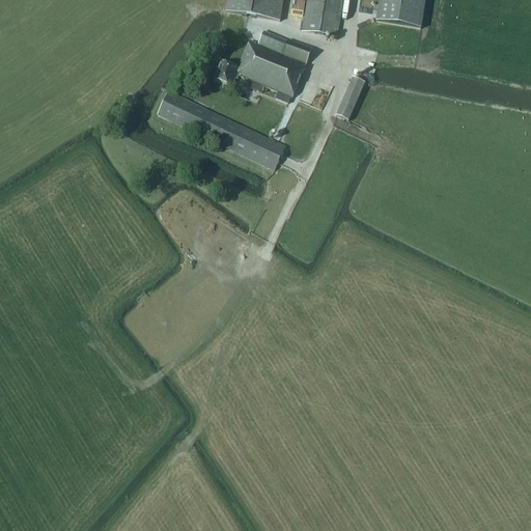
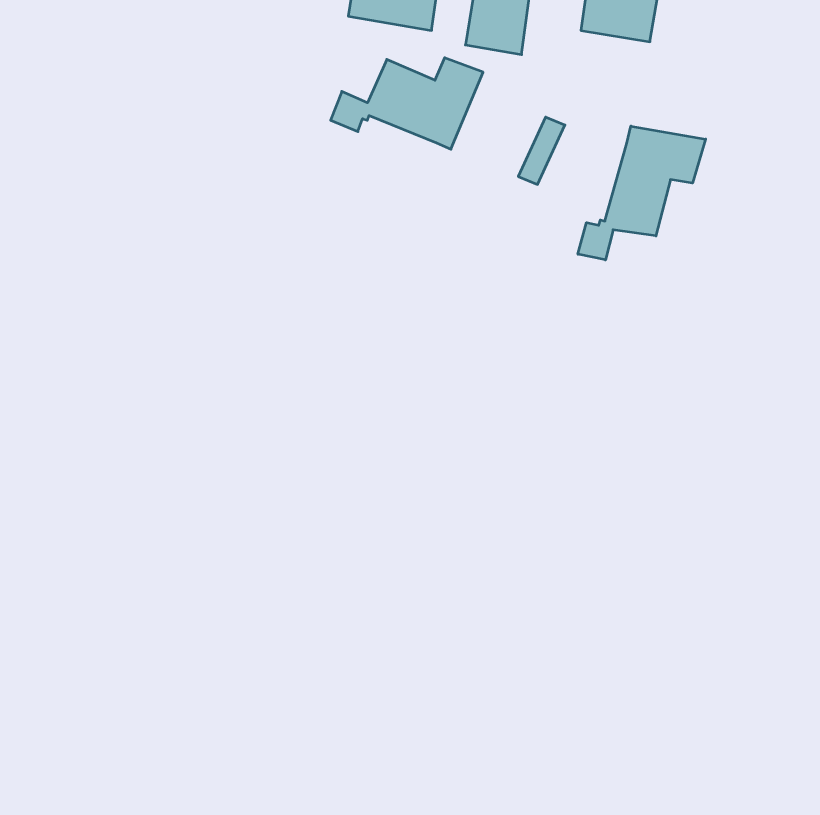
building: none -> [578,126,706,260]
building: [157,90,284,168] -> none

